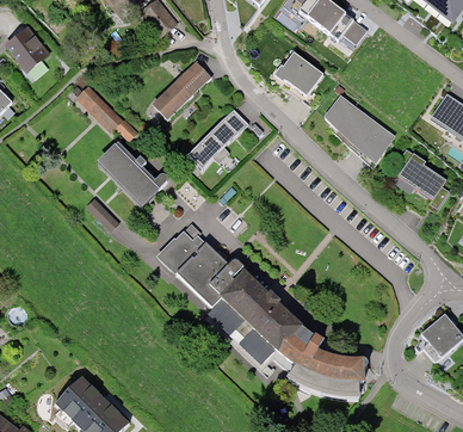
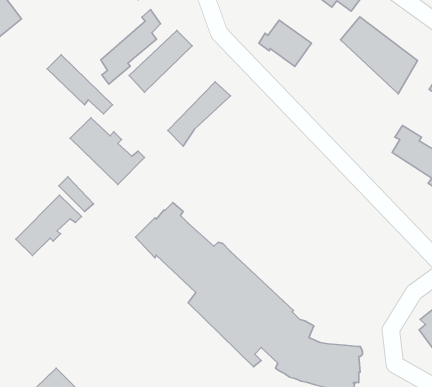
building: none -> [101,9,161,84]
building: [322,95,394,167] -> [340,17,417,94]
building: none -> [16,195,81,255]

